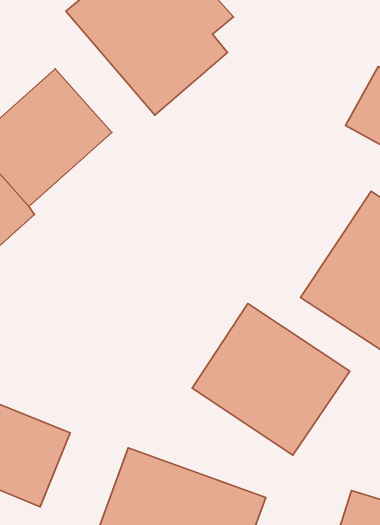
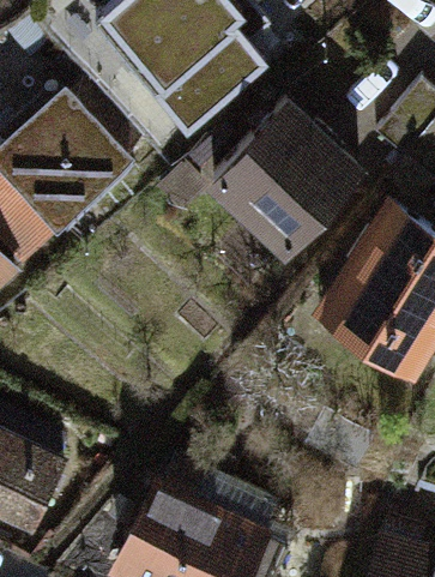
building: none -> [205,106,356,257]
building: [192,304,350,455] -> none

